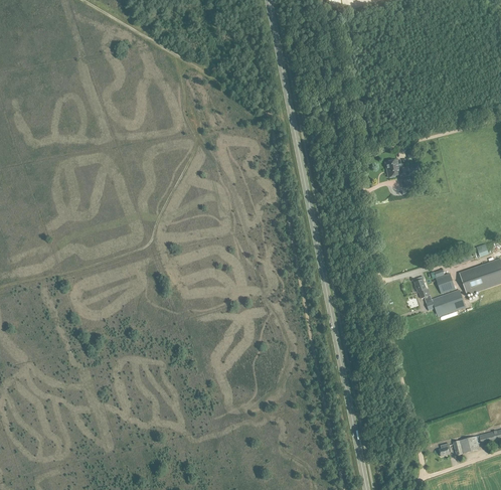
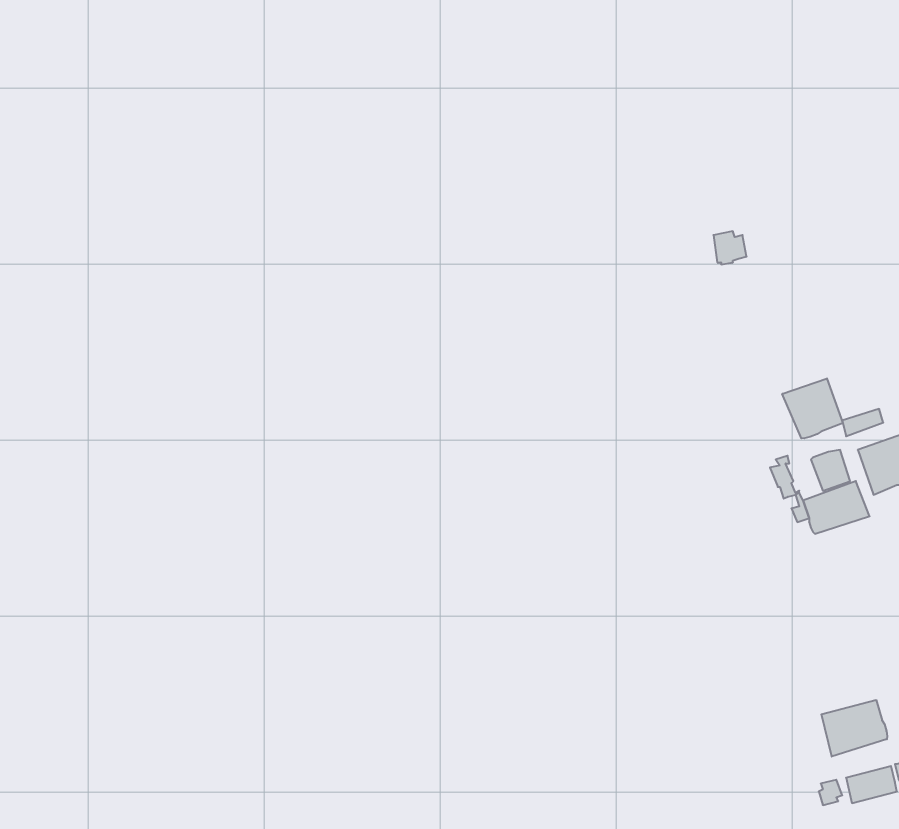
building: none -> [782,378,843,438]
building: none -> [821,700,887,757]

